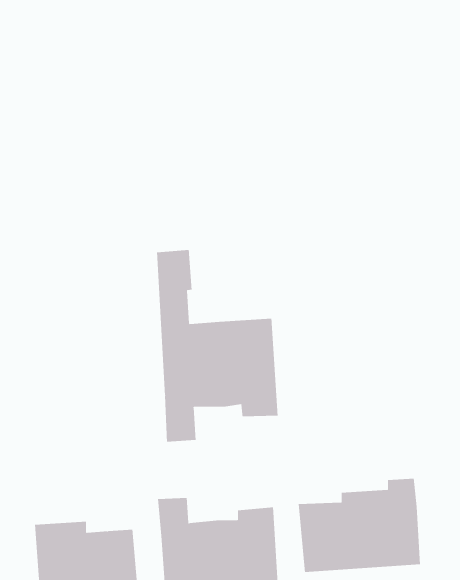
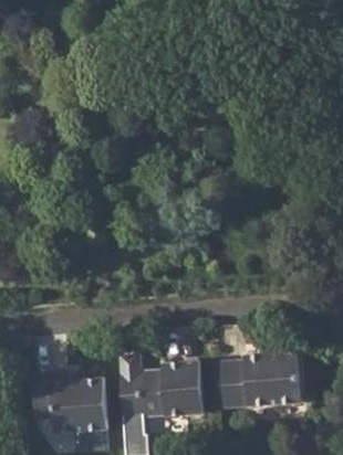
building: [157,249,278,443] -> none

